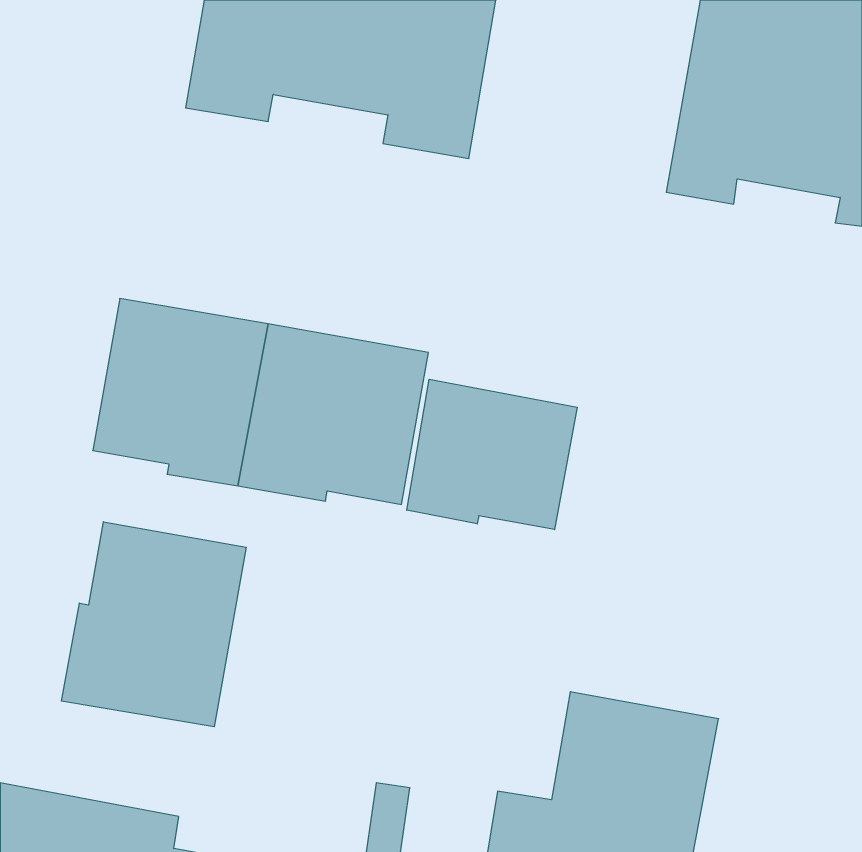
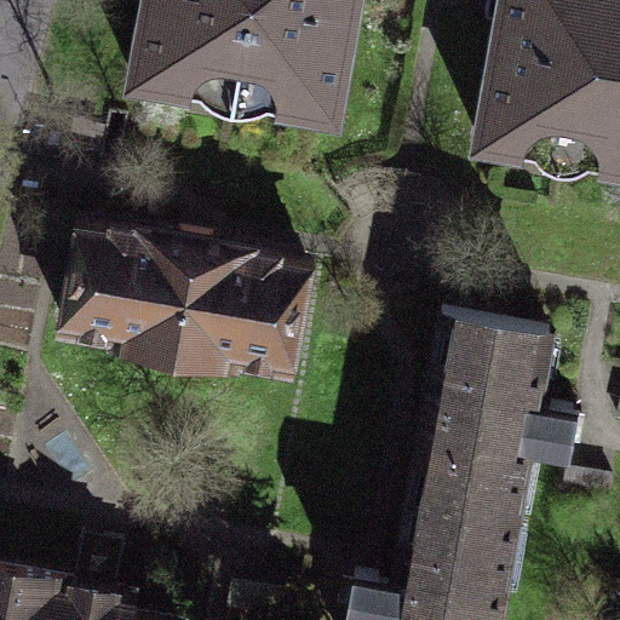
building: [407,379,577,530] -> none
building: none -> [409,312,575,523]
building: [61,522,246,727] -> none

